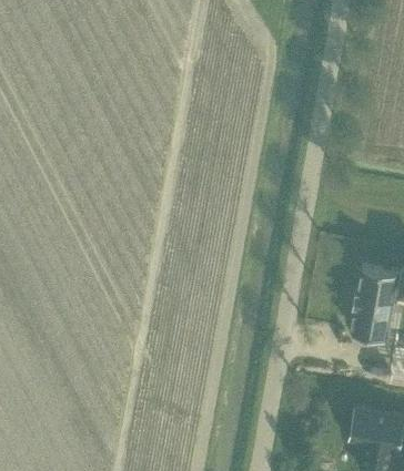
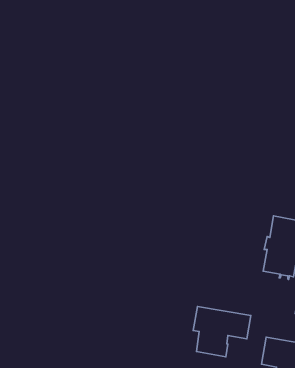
building: none -> [193,307,251,357]

